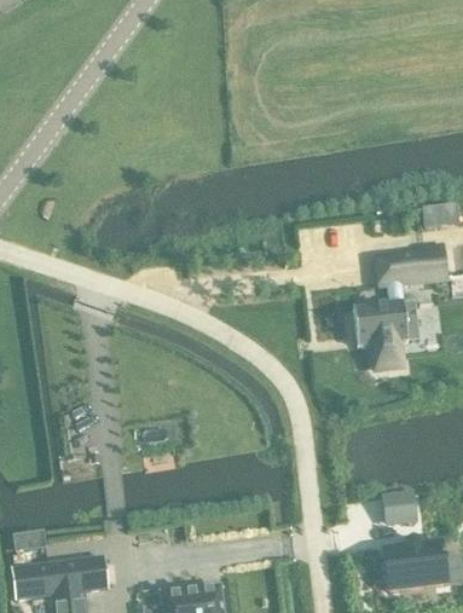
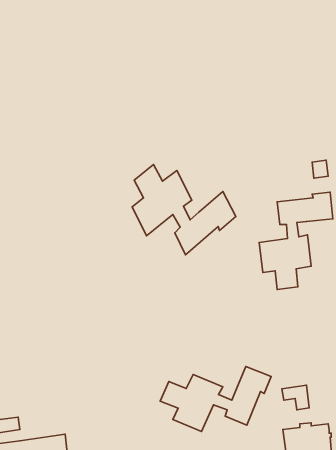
building: none -> [132,164,236,255]
building: none -> [160,366,271,431]

